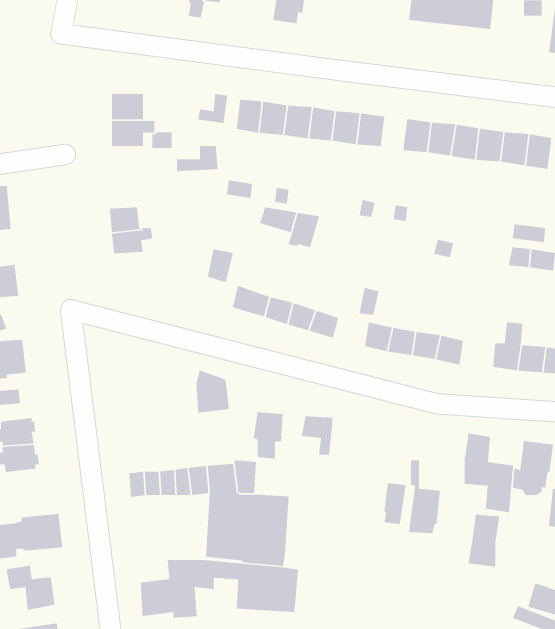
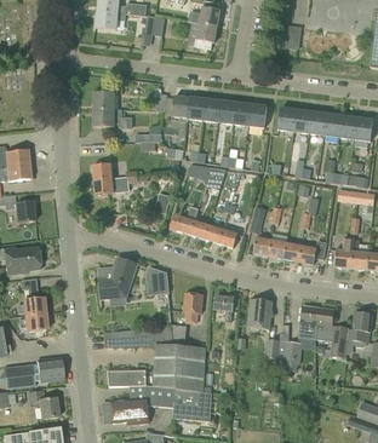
building: none -> [98,255,137,298]
building: none -> [247,299,271,328]
building: [468,514,500,568] -> [298,305,319,339]
building: none -> [104,369,145,386]

